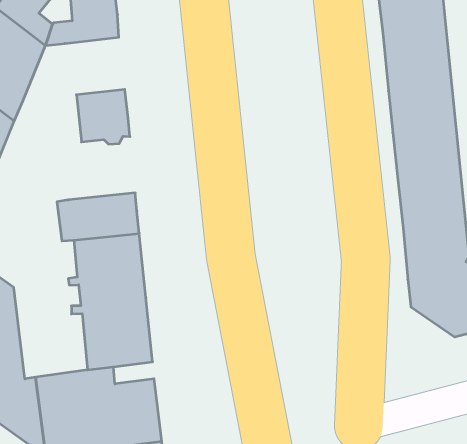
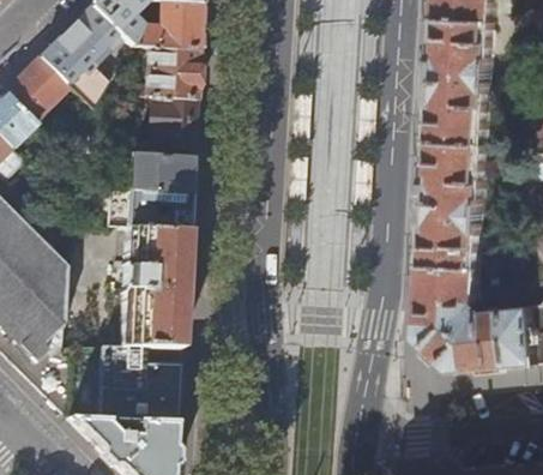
building: none -> [144,50,195,101]
building: none -> [126,156,189,196]

